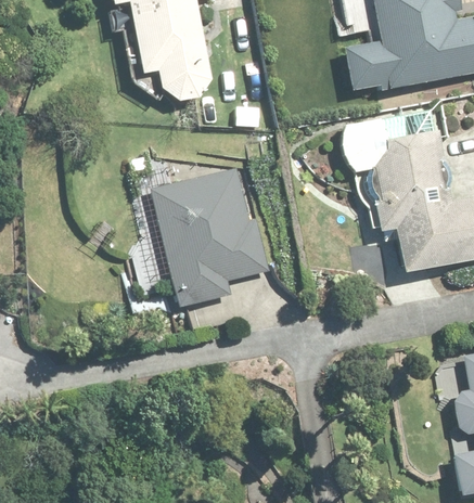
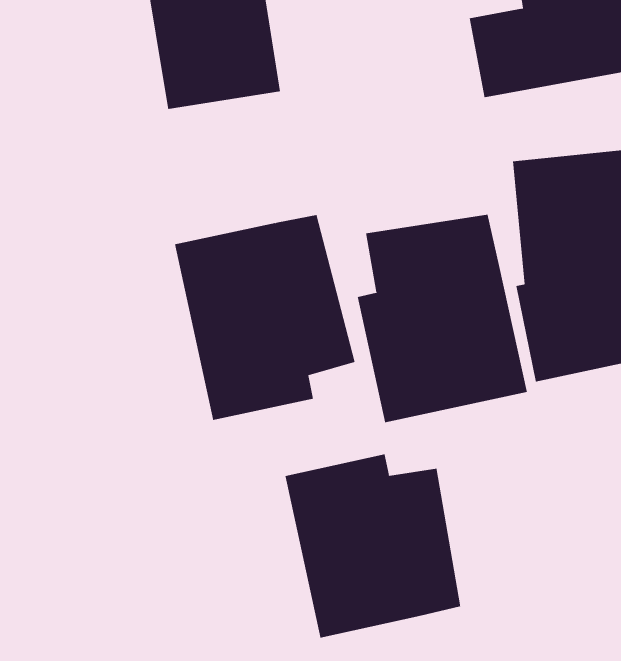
building: none -> [357,214,527,423]
building: none -> [285,454,461,638]

